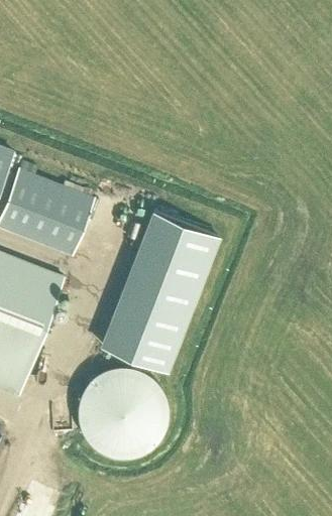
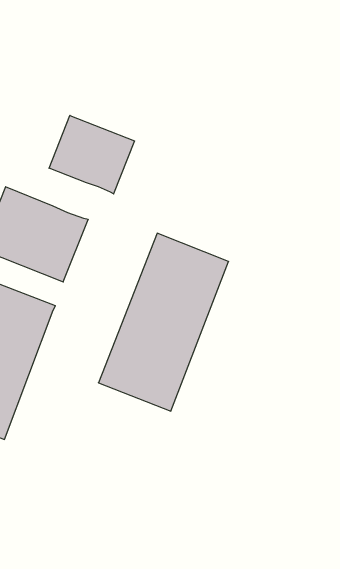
building: none -> [49,115,134,194]
building: [78,365,169,456] -> none

